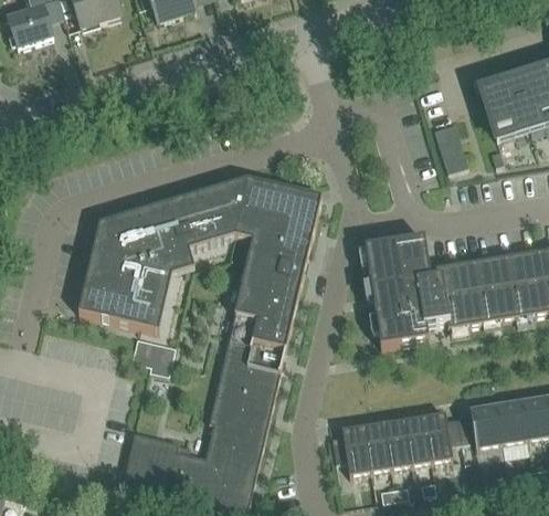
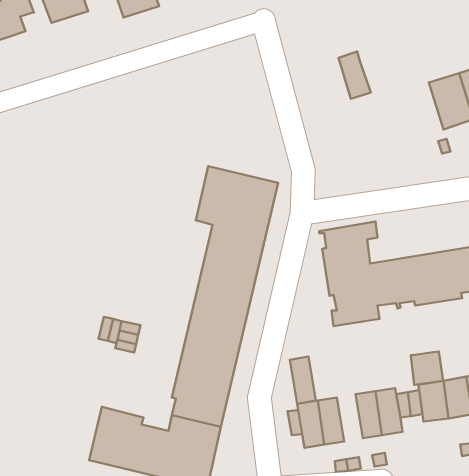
building: [434,120,468,170] -> [338,52,371,99]
building: [78,177,247,329] -> none
building: none -> [411,351,443,385]
building: [383,418,411,467] -> [290,357,316,404]

